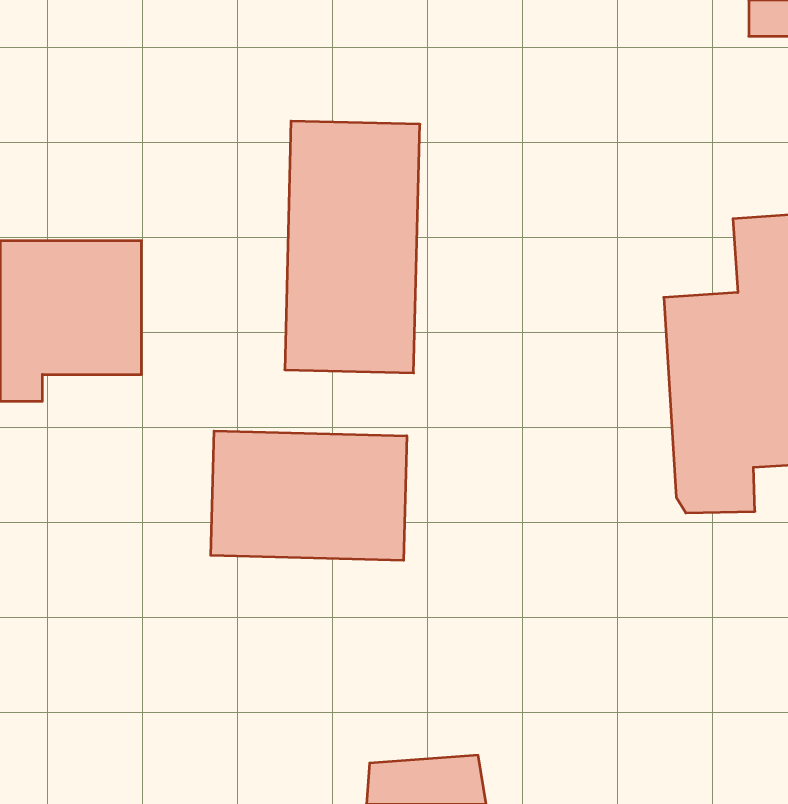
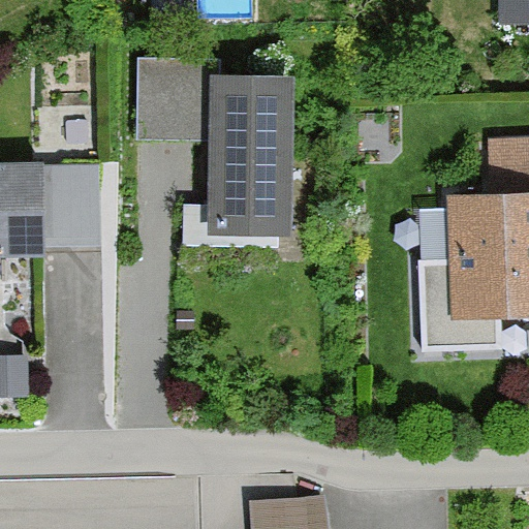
building: none -> [135,55,189,141]
building: [211,431,407,560] -> none

